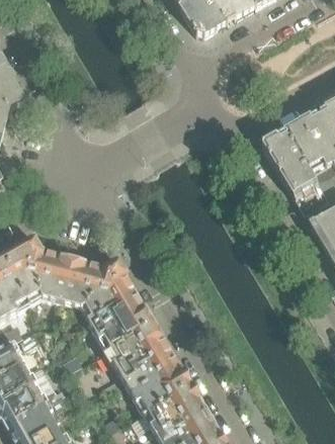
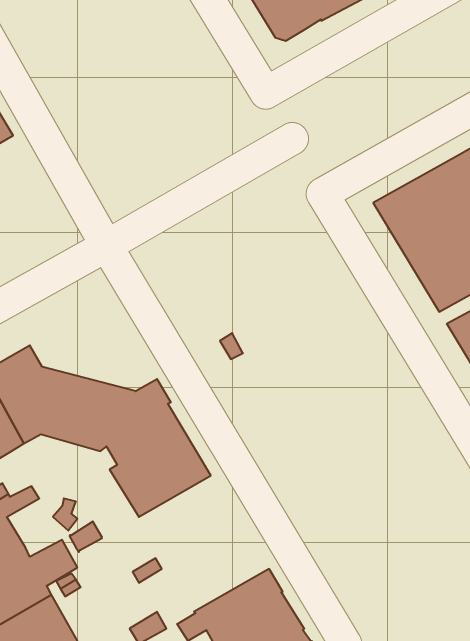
building: [105,321,191,411] -> none

